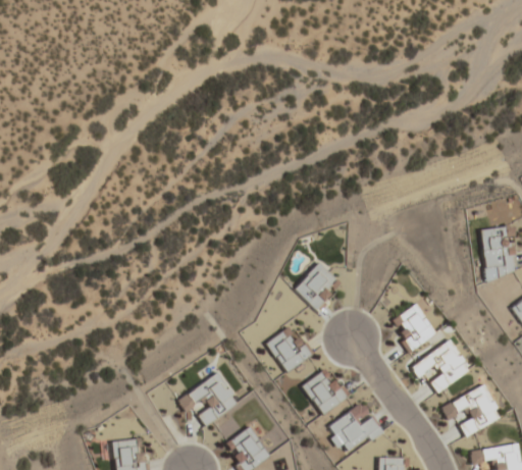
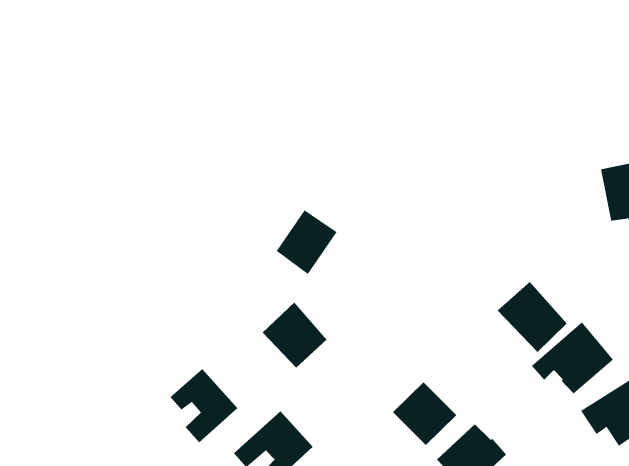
building: [294,261,342,310] -> [276,209,338,275]
building: [265,323,313,373] -> [262,302,328,369]
building: none -> [169,368,238,443]

